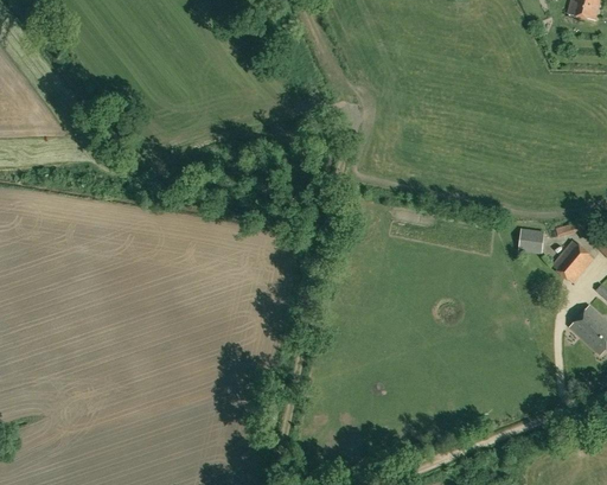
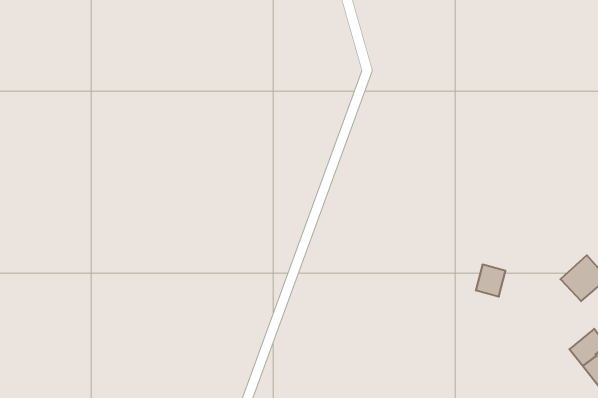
building: [519,228,543,254] -> [476,265,506,297]

